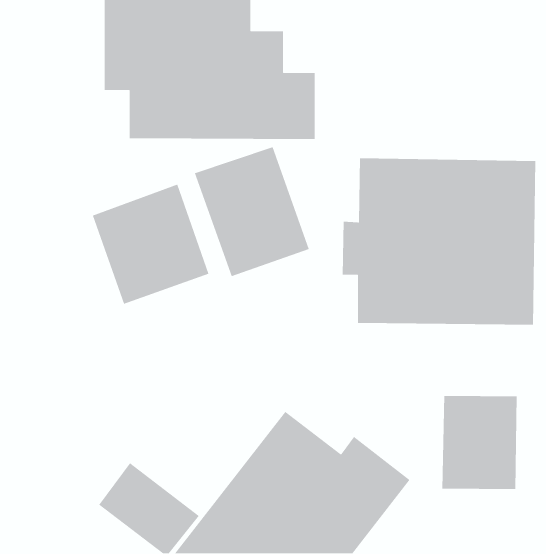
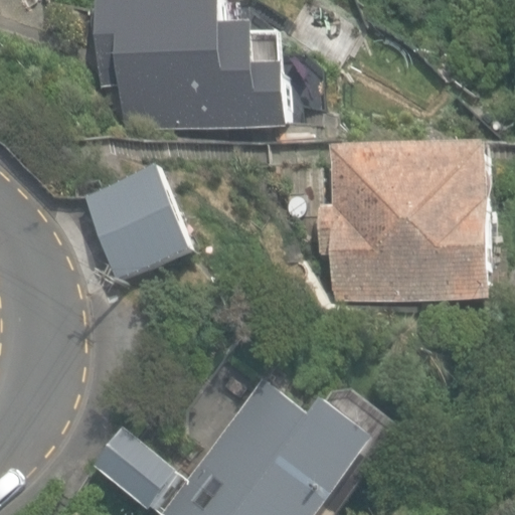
building: [194,146,310,277] -> none
building: [441,395,517,490] -> none

